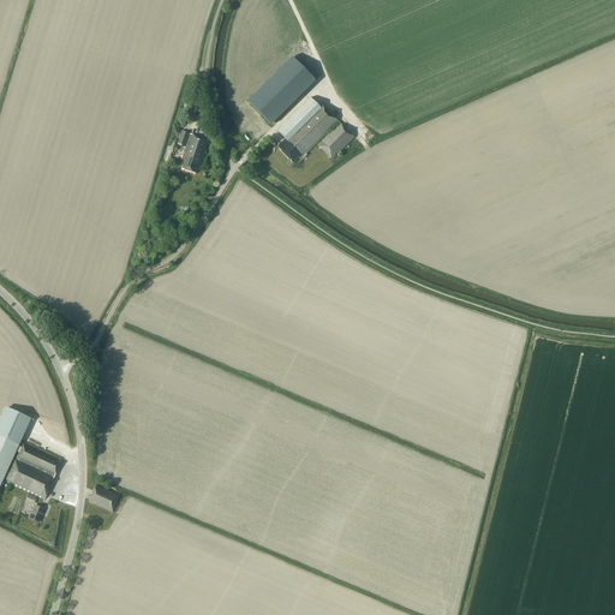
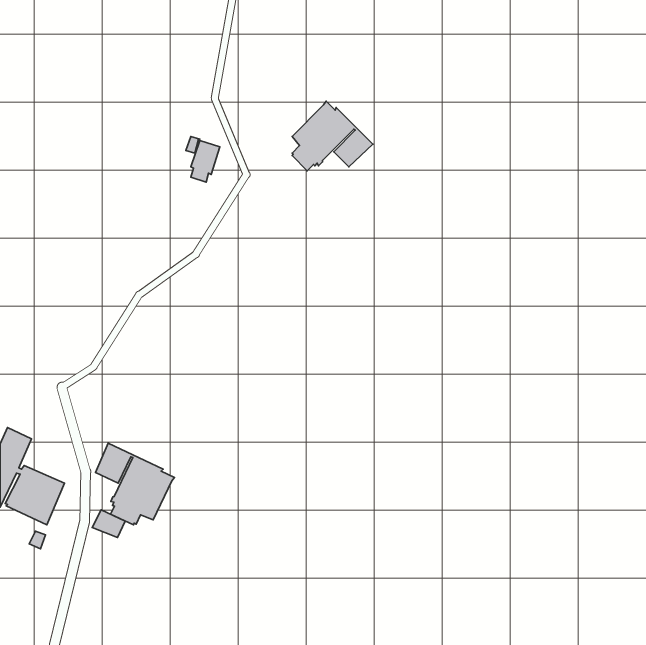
building: [249,56,315,123] -> none
building: none -> [95,443,175,525]

